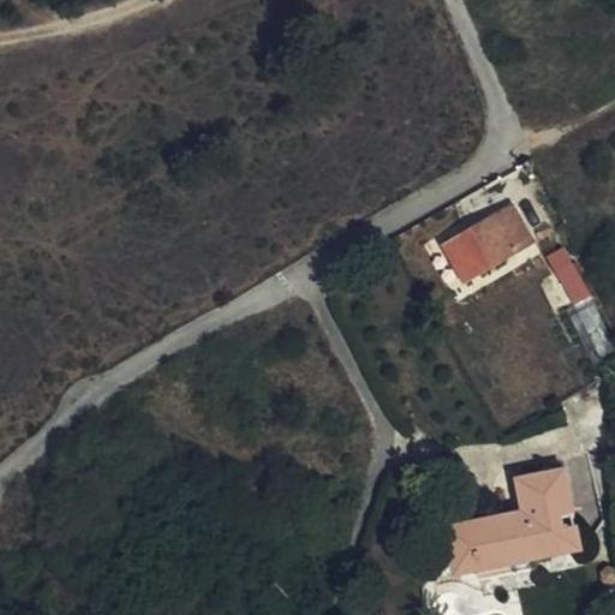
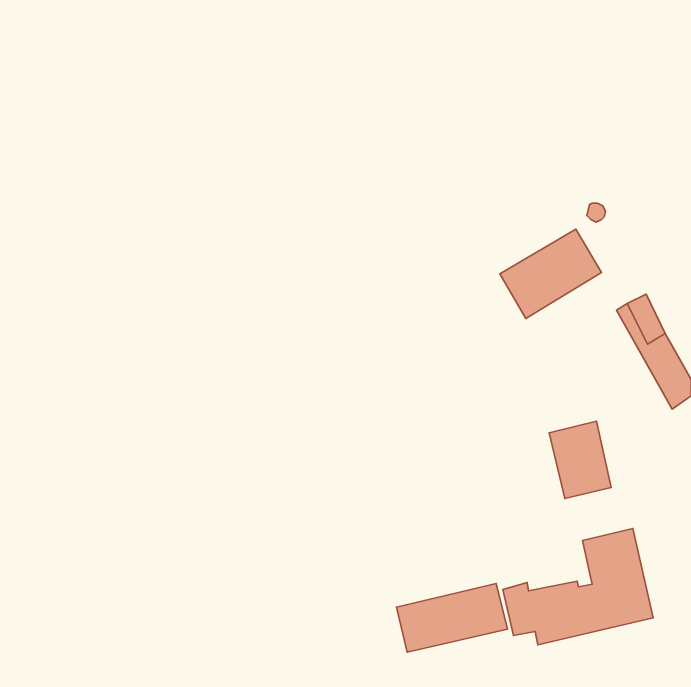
building: none -> [549,421,611,498]
building: none -> [396,584,508,652]

